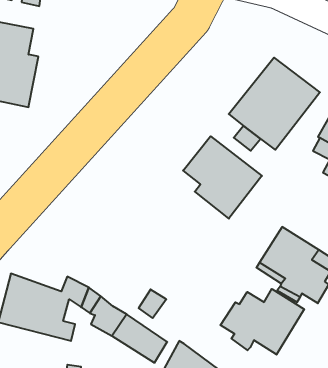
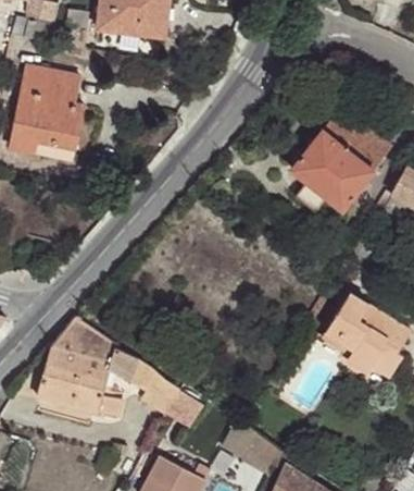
building: [183,136,262,219] -> none
building: none -> [52,317,115,364]
building: [220,289,304,355] -> none

